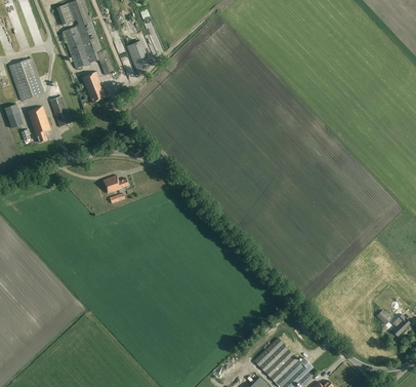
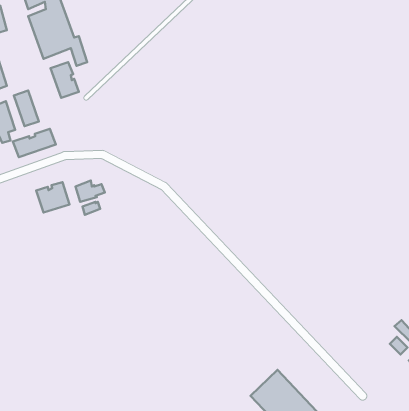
building: [126,40,151,71] -> none
building: none -> [13,129,56,157]
building: none -> [36,182,70,212]

